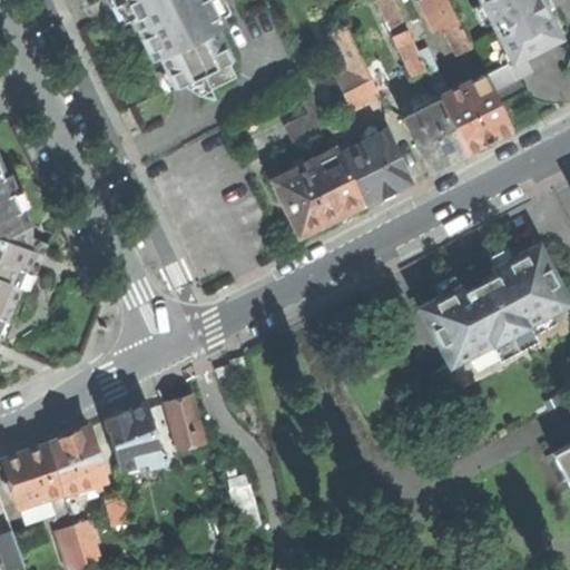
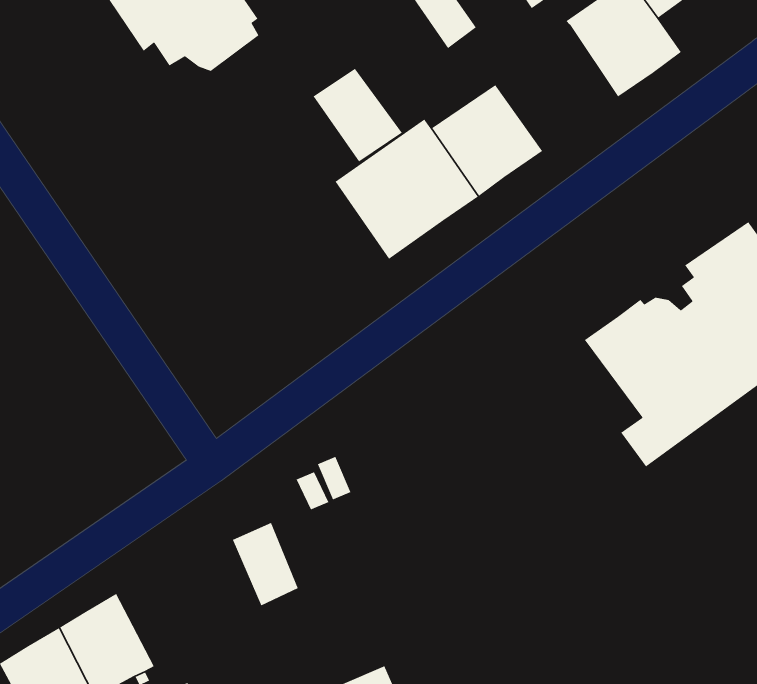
building: [404,99,465,170] -> none
building: none -> [312,68,403,163]
building: [104,403,160,470] -> none

